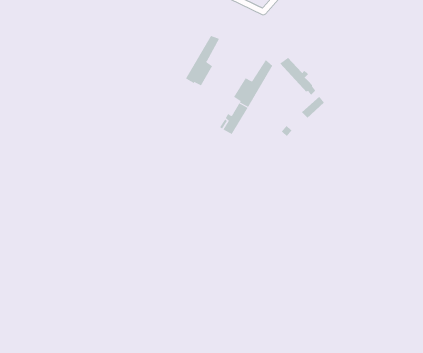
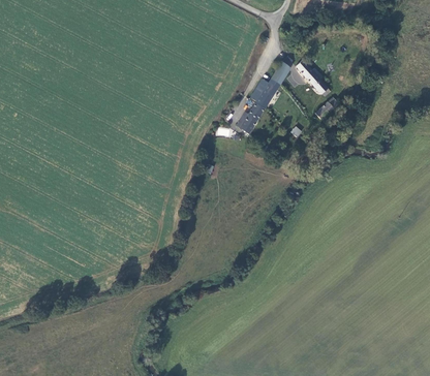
building: [185,35,220,86] -> none

